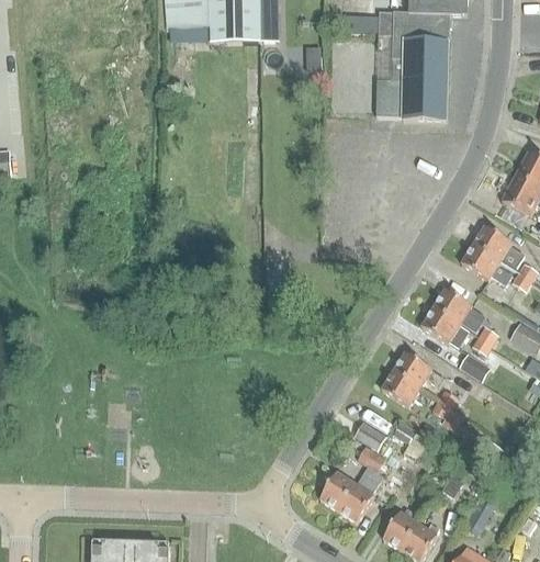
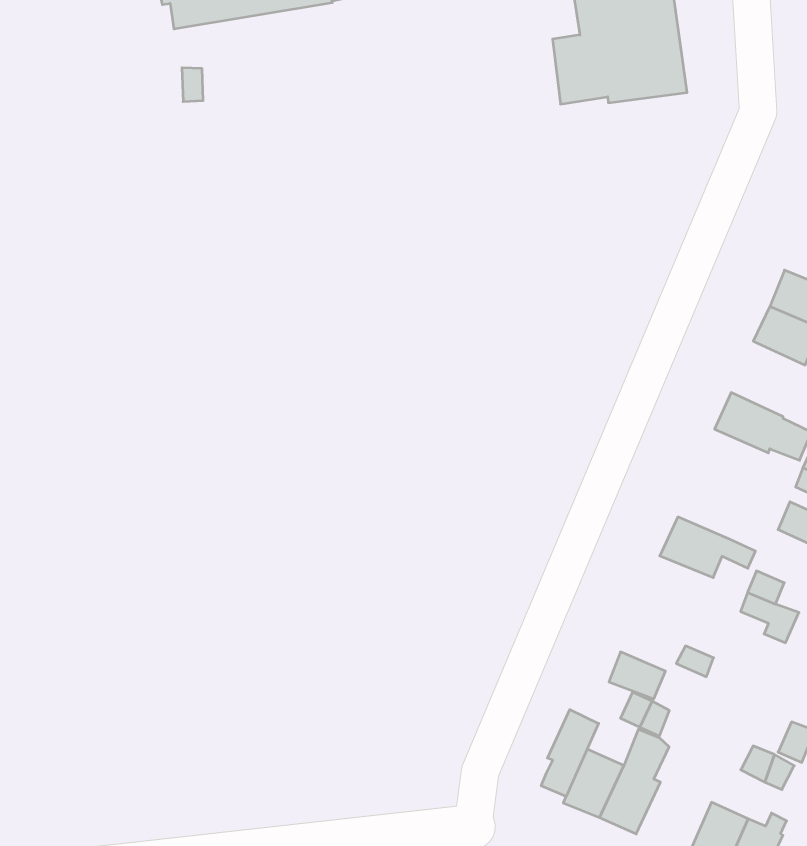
building: [421,306,468,345] -> none
building: [381,371,419,405] -> none
building: none -> [541,710,599,796]

